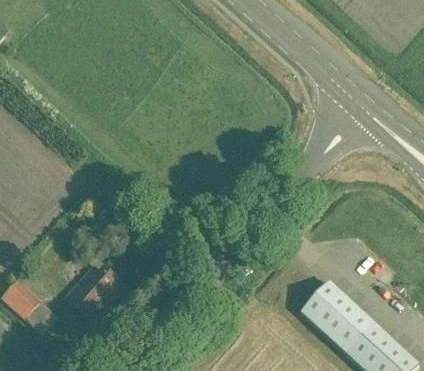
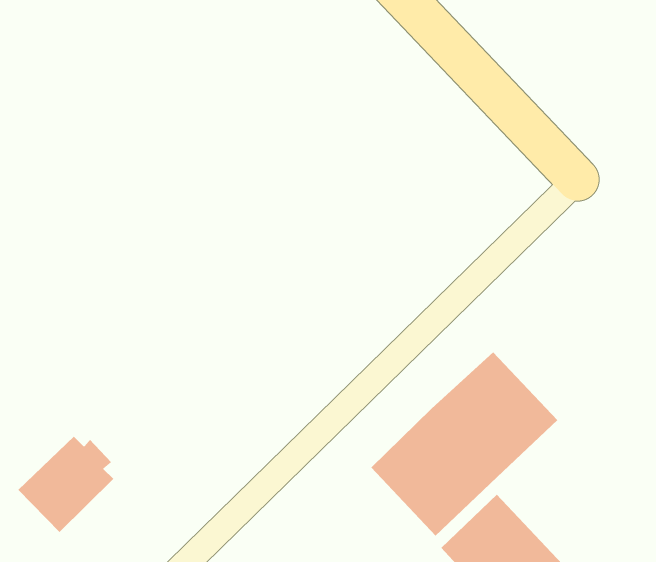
building: none -> [371,351,558,536]

